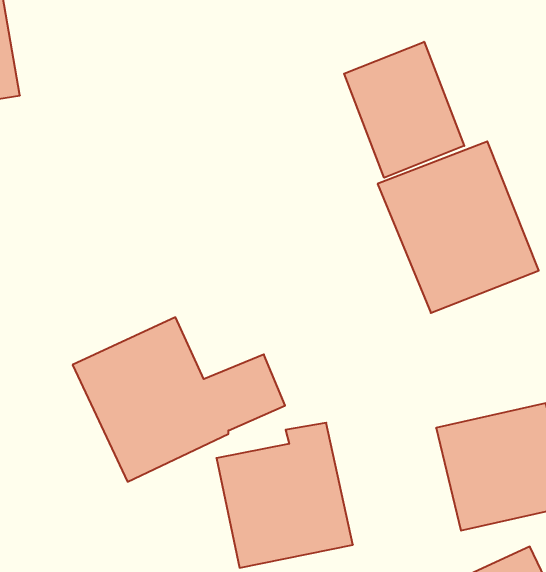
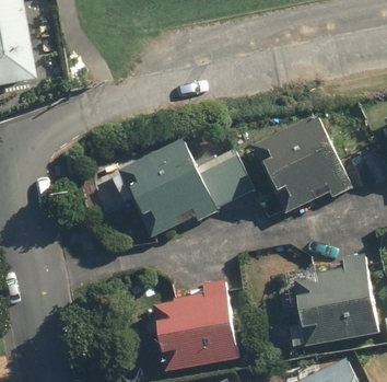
building: [344,42,464,178] -> none
building: [73,317,285,482] -> [119,136,250,238]

